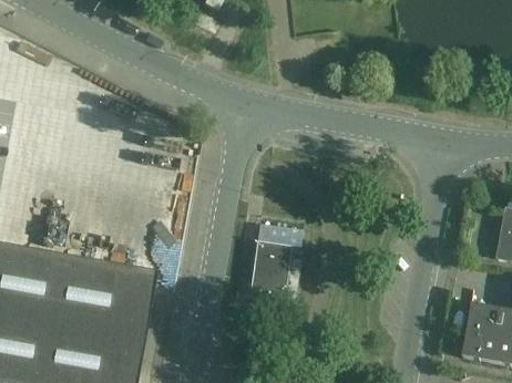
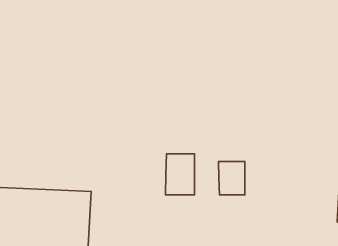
building: none -> [219,161,245,195]

